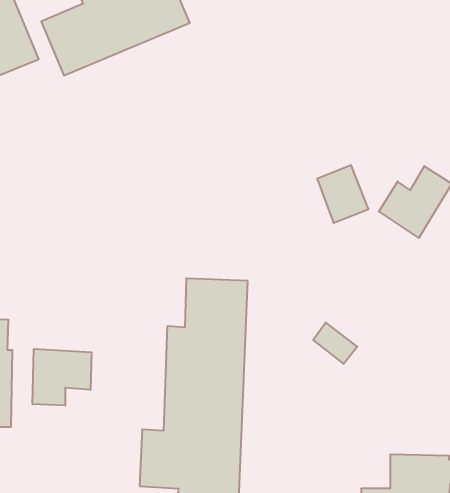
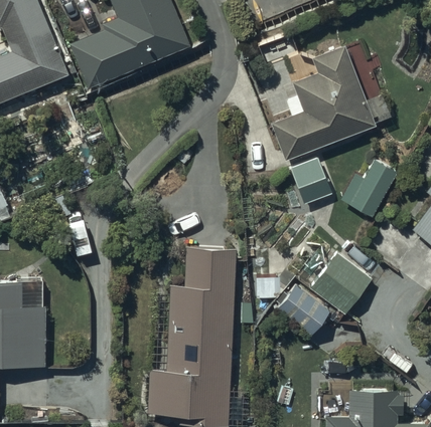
building: none -> [271,46,375,159]
building: none -> [311,253,372,313]
building: [33,349,92,406] -> none

